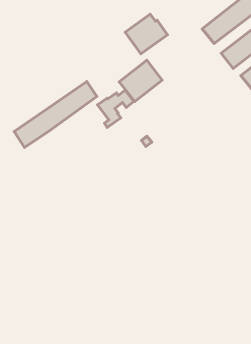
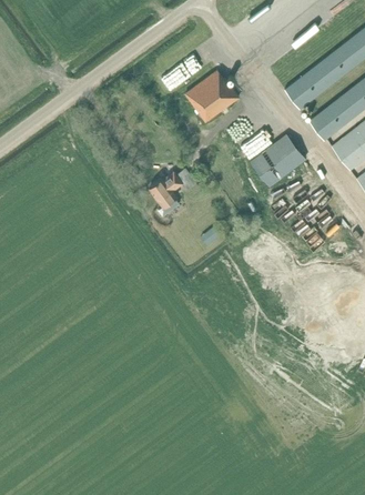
building: [119,60,162,102] -> [250,134,305,188]
building: [14,82,97,148] -> none

